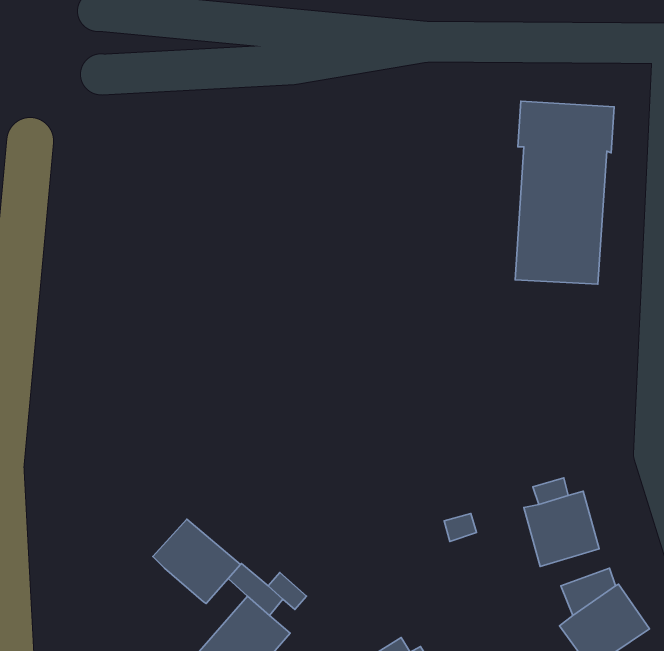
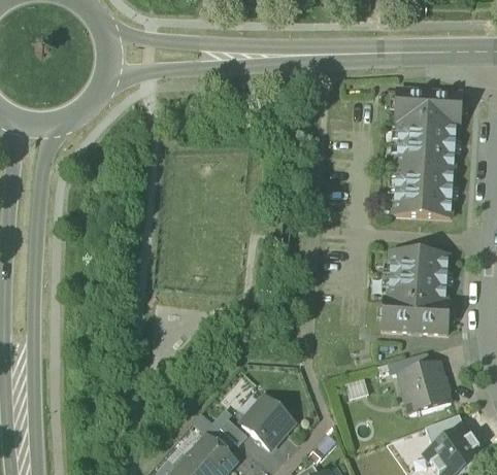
building: none -> [382,251,449,333]
building: [153,519,240,603] -> none
building: none -> [241,396,292,447]

